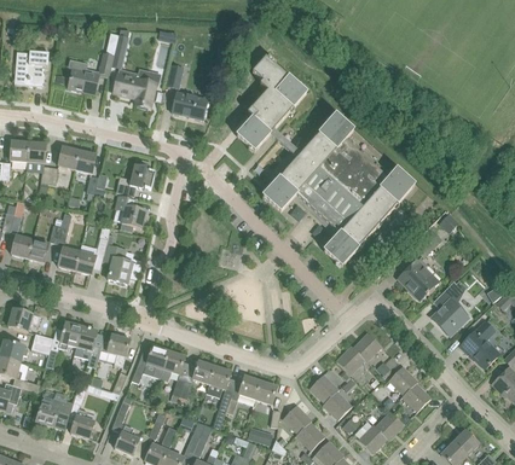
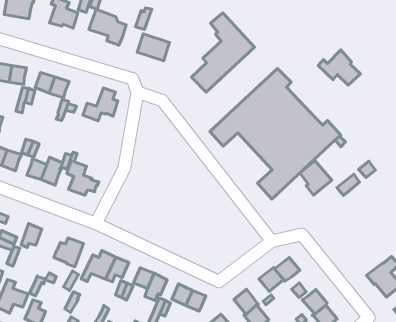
building: none -> [318,50,361,85]
building: [116,194,146,232] -> none
building: [401,258,439,298] -> [300,161,332,195]
building: [432,280,469,335] -> none
building: [74,326,102,366] -> none

